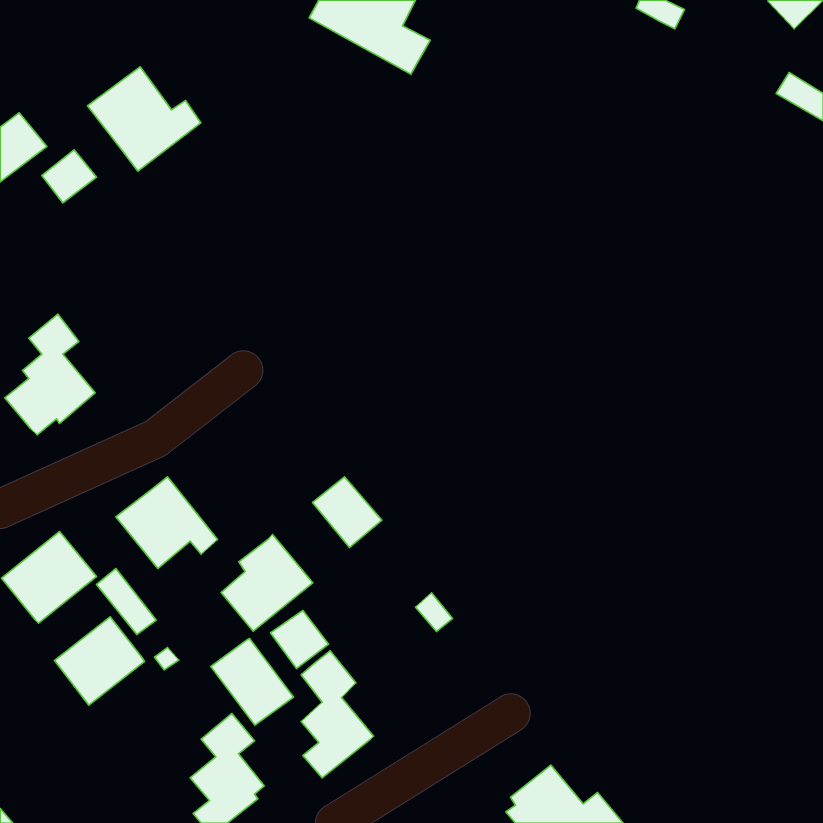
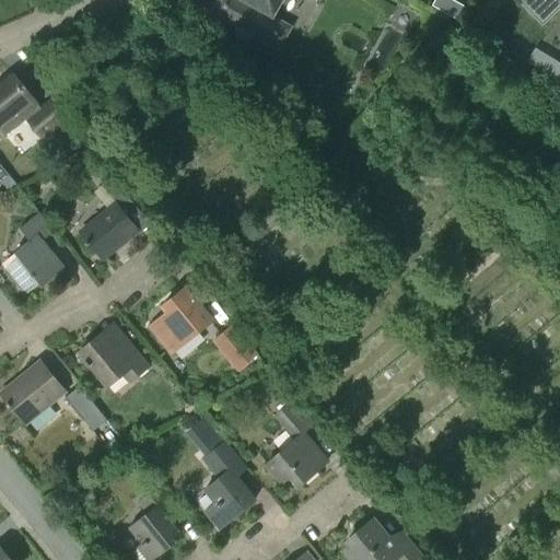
building: [87,67,201,171] -> none
building: none -> [81,178,139,259]
building: [221,535,313,631] -> [150,288,212,353]
building: [54,617,144,705] -> none
building: none -> [267,433,327,486]
building: [211,638,294,725] -> none

